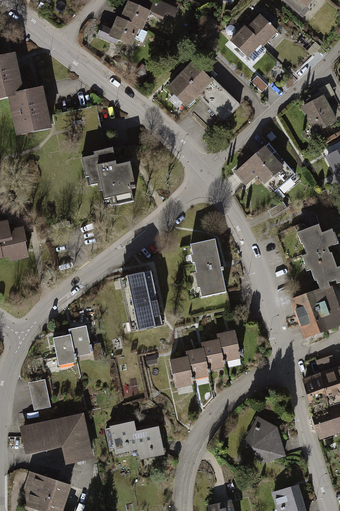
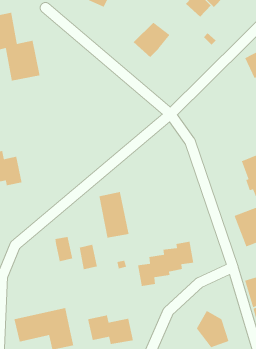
building: [197,78,235,119] -> none
building: [233,143,301,199] -> none
building: [81,146,136,205] -> none
building: [190,238,228,295] -> none
building: [53,333,76,365] -> [79,244,98,270]
building: [29,381,50,411] -> none

